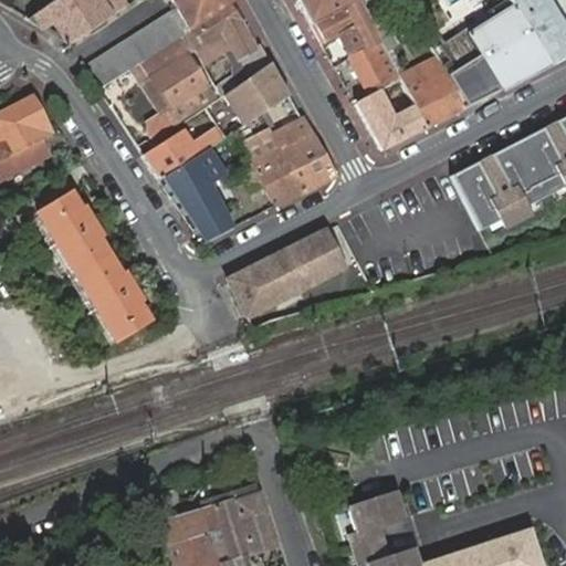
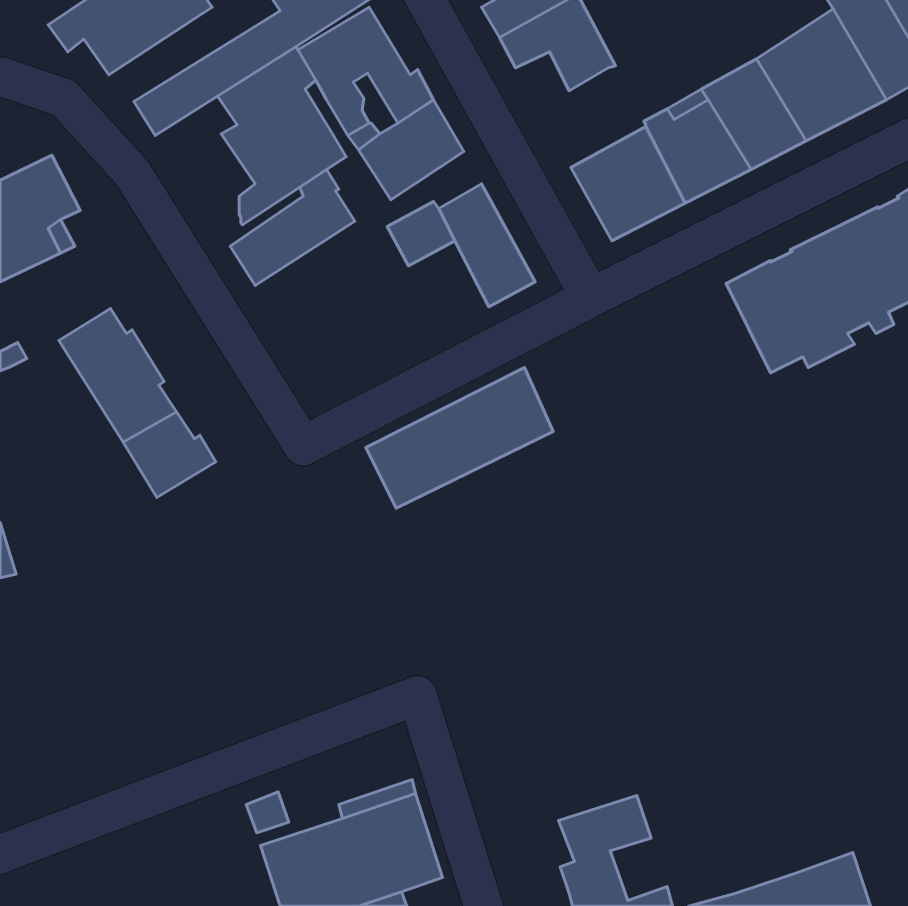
building: [352,42,397,90] -> none
building: [160,147,232,241] -> none
building: [255,149,305,205] -> none
building: [99,286,153,340] -> none

